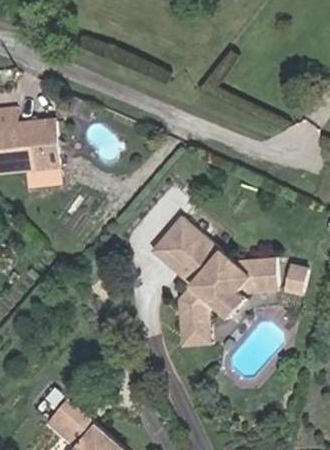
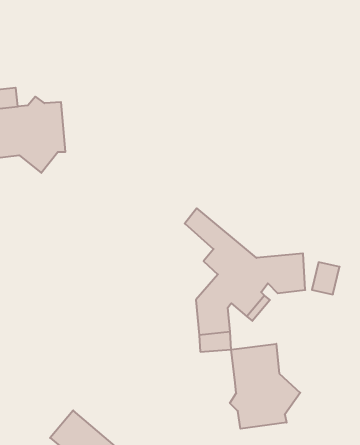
building: [151,230,199,285] -> none
building: none -> [230,344,300,429]

